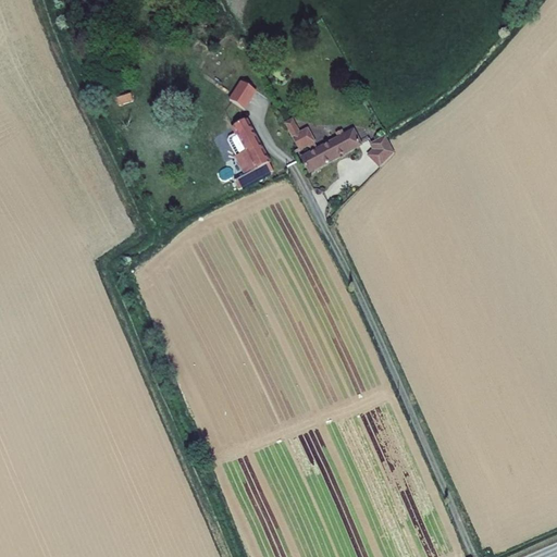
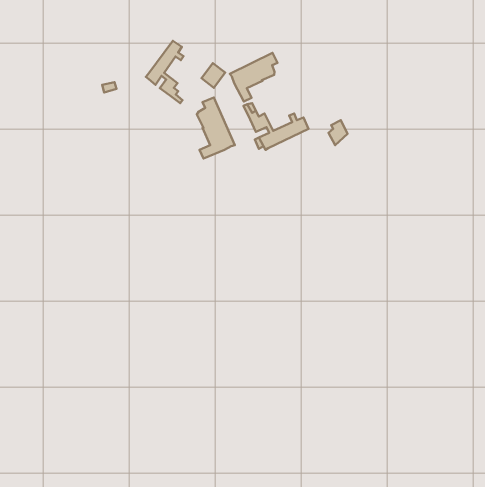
building: none -> [146,41,183,103]
building: none -> [230,53,278,101]

